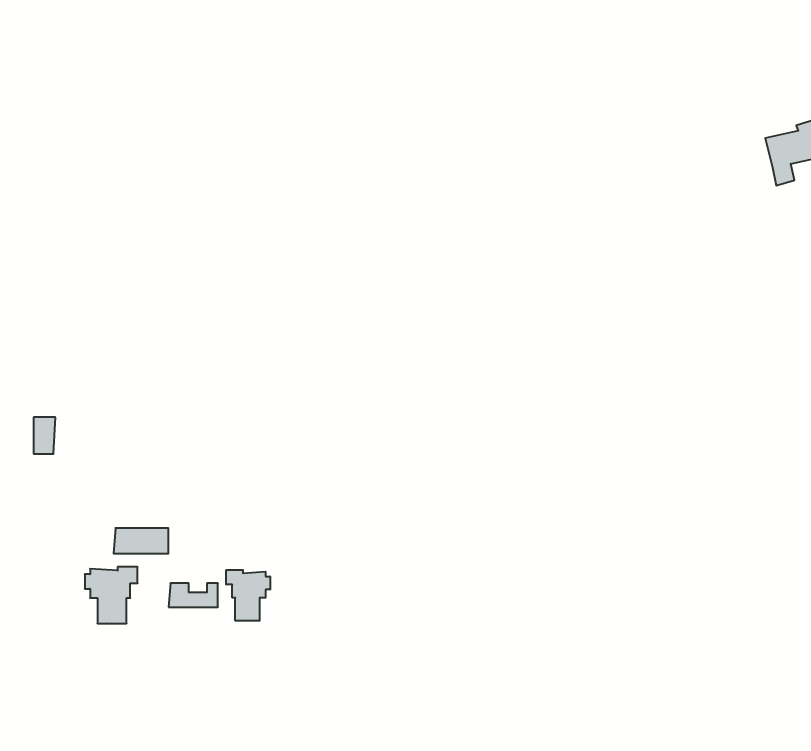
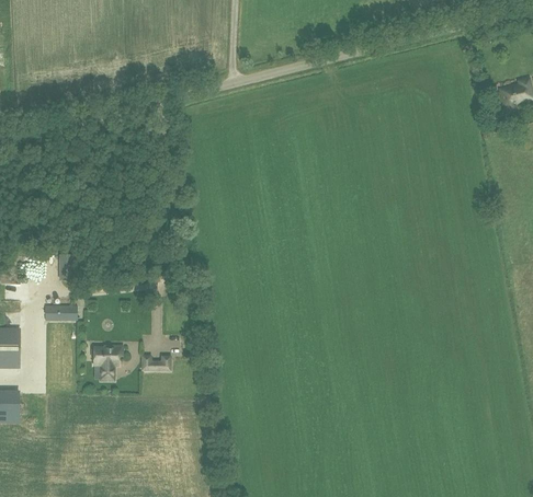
building: [114,528,168,554] -> [42,305,75,321]
building: [226,570,270,621] -> none

